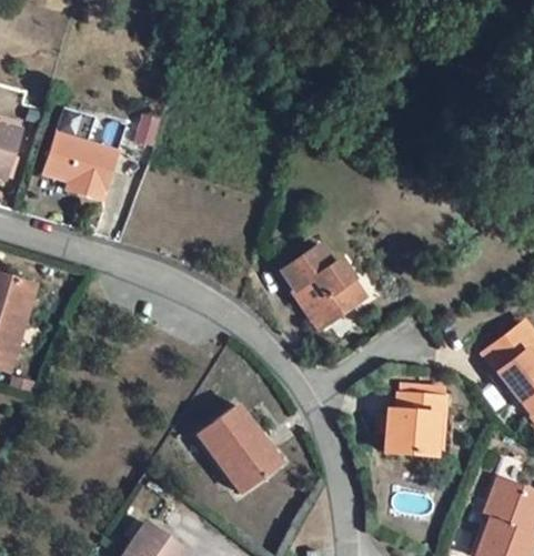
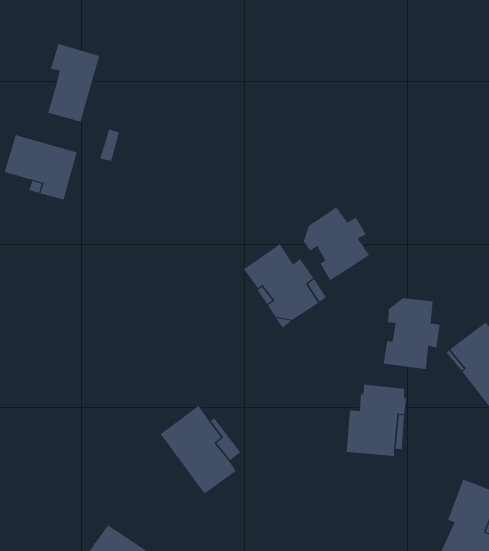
building: none -> [47,43,100,122]
building: none -> [303,206,370,281]
building: none -> [383,298,440,370]

